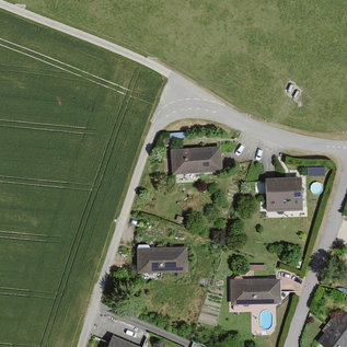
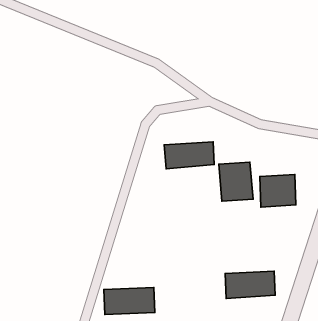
building: none -> [219,162,253,201]
building: [137,246,188,274] -> [104,287,155,315]

